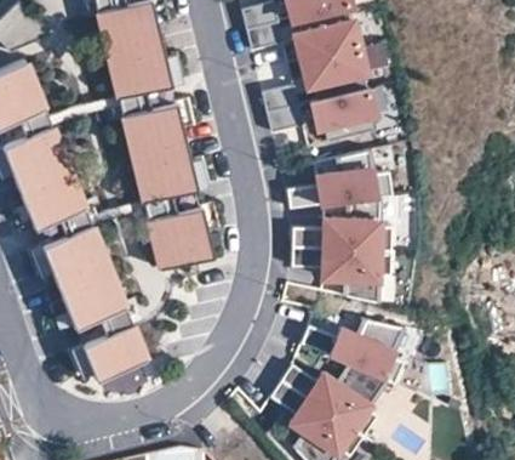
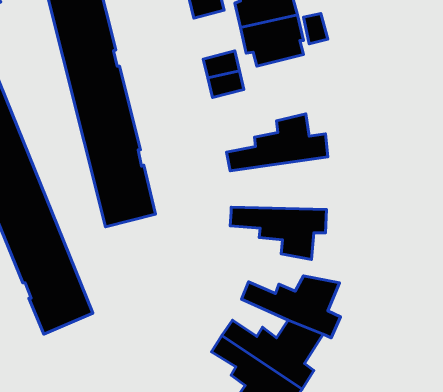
building: [310,87,377,141] -> none
building: [291,195,393,249] -> none

